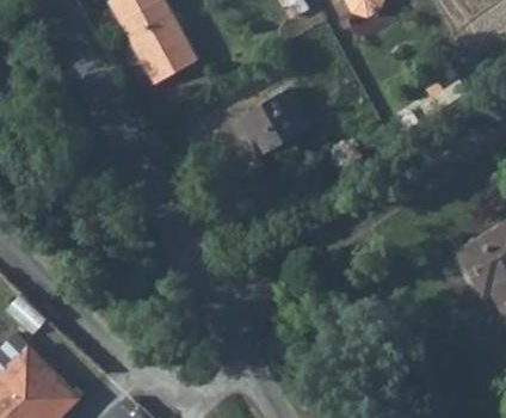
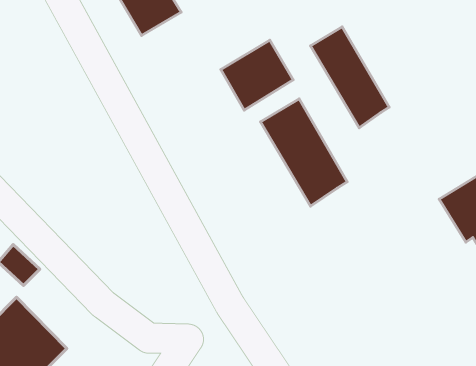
building: none -> [310,27,389,128]
building: none -> [260,99,347,206]

